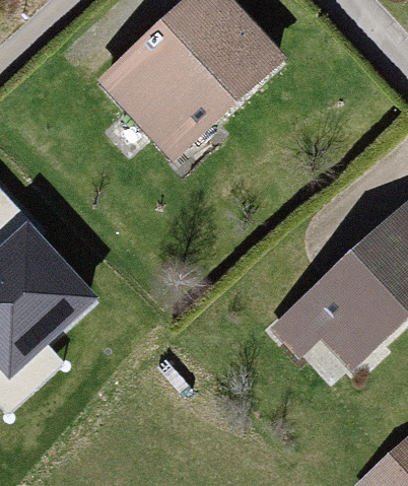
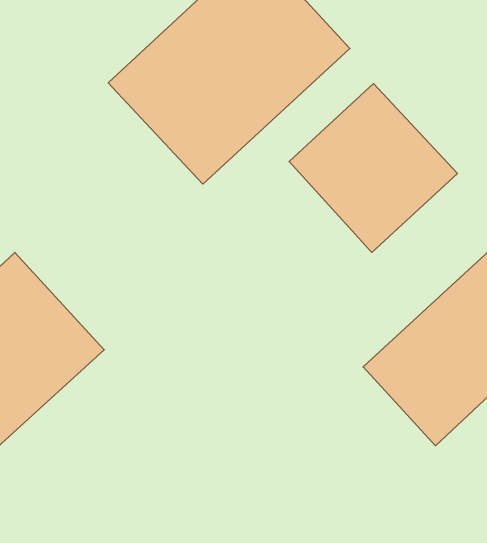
building: none -> [289,84,457,252]

